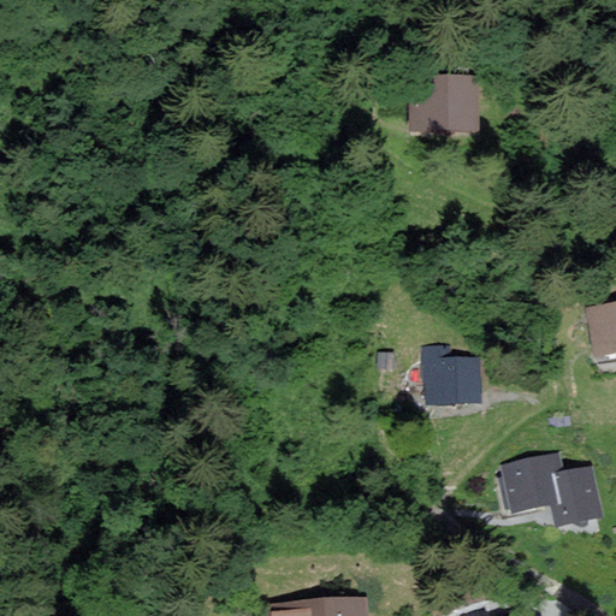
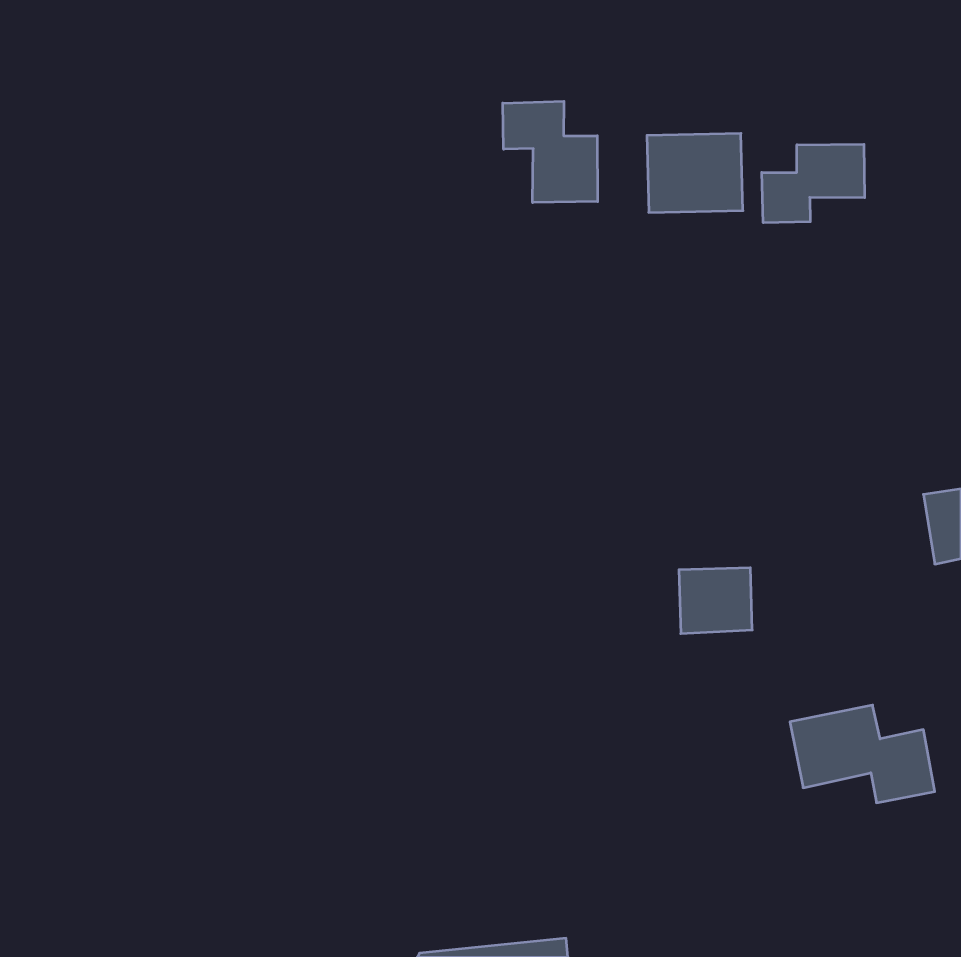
building: none -> [503,101,598,203]
building: none -> [762,144,865,223]

